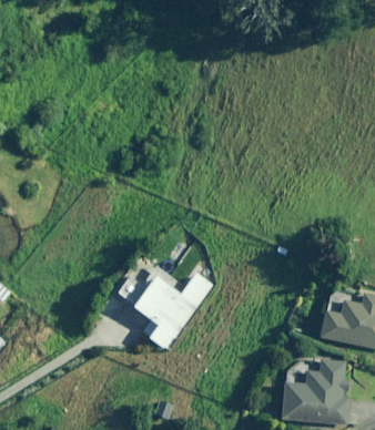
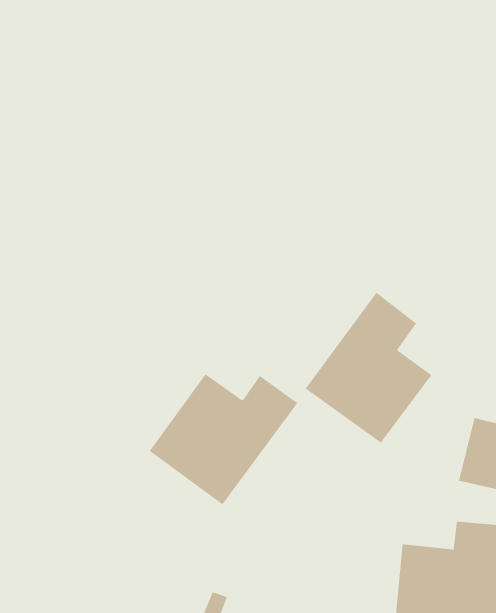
building: none -> [305,292,432,444]

